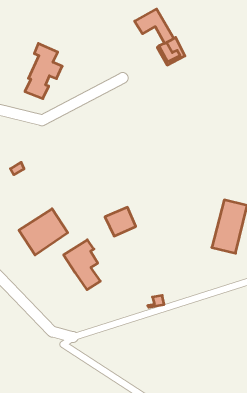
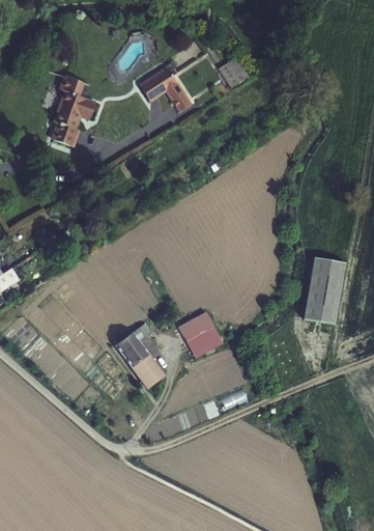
building: [135,9,174,43] -> [139,67,191,111]
building: [105,207,136,236] -> [178,312,219,351]
building: [19,209,68,255] -> none

